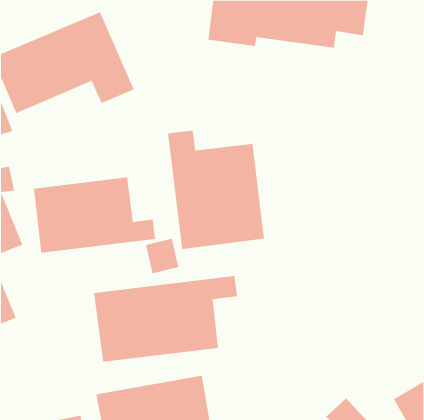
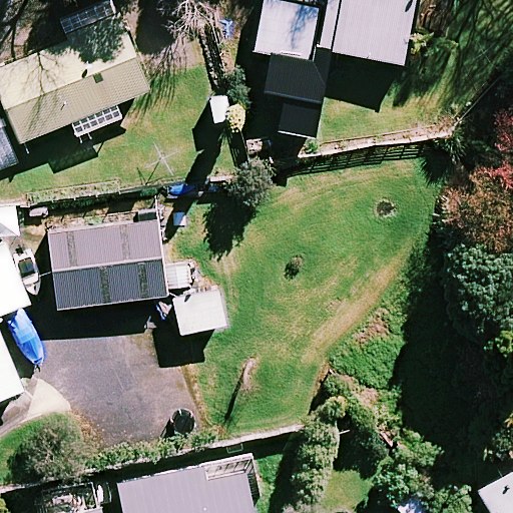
building: [168,130,264,250] -> none
building: [94,275,237,362] -> none

